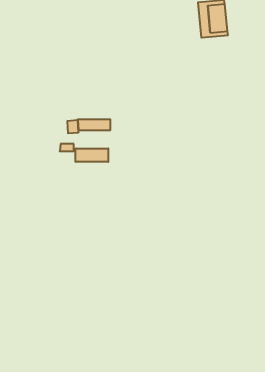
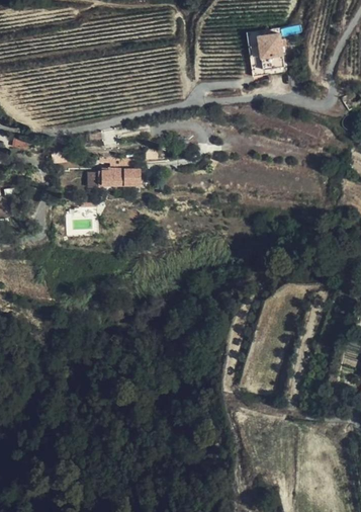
building: [76,148,108,162] -> none

